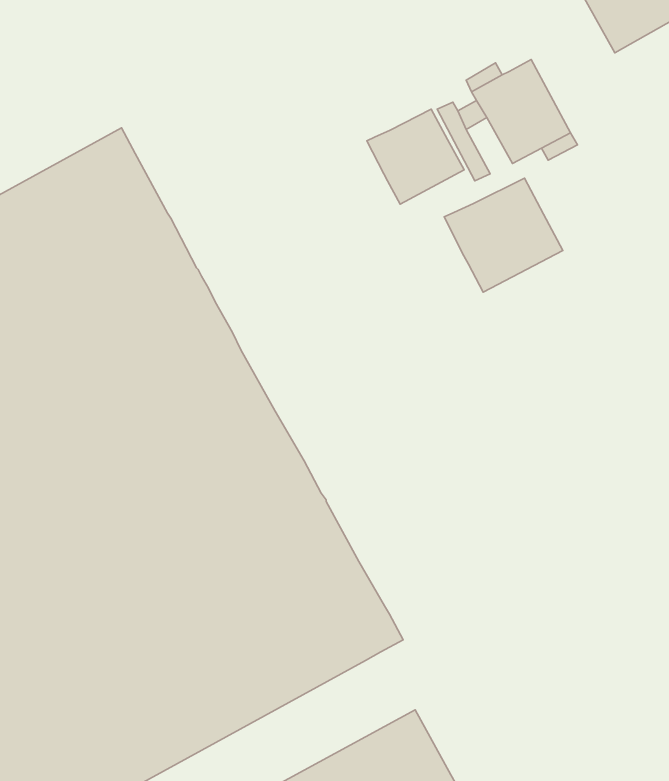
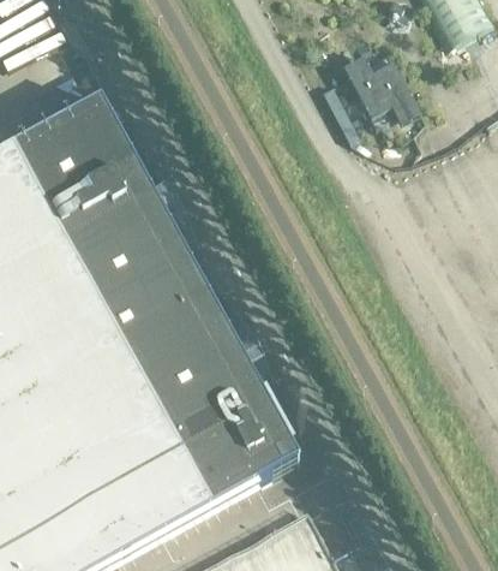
building: [367,109,464,204] -> none
building: [444,178,563,292] -> none

